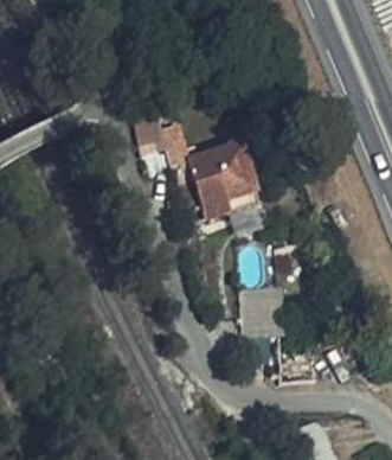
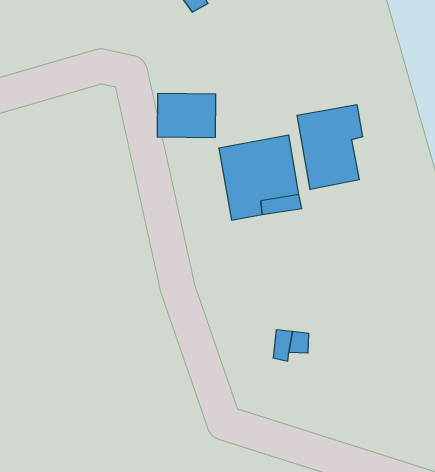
building: none -> [297,105,362,190]

